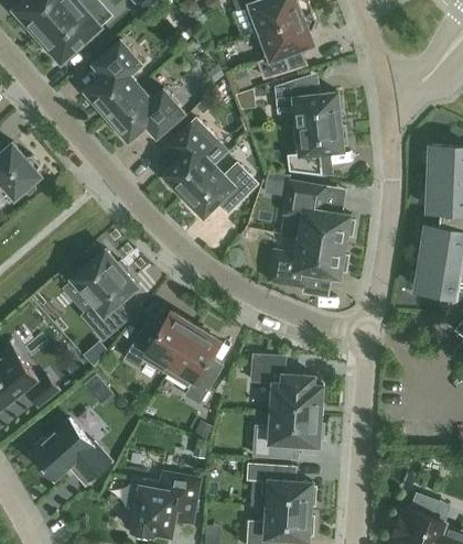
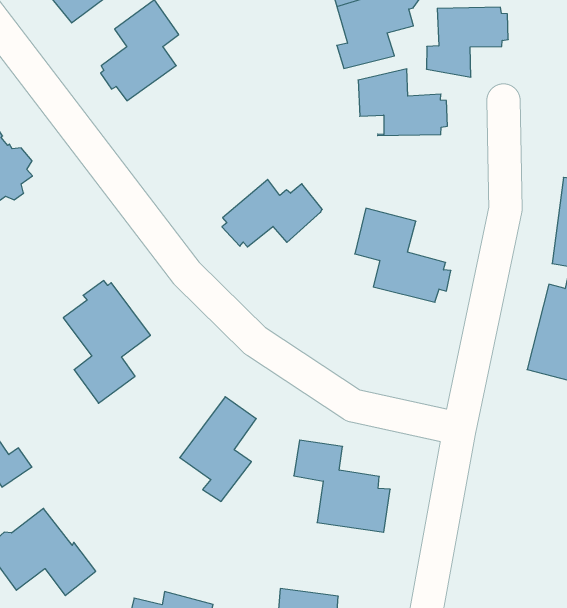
building: [107,87,184,141] -> none
building: [163,119,218,196] -> none
building: [288,122,347,175] -> [426,7,508,77]
building: [268,238,349,287] -> none
building: [125,312,196,374] -> none
building: [254,414,324,459] -> none

